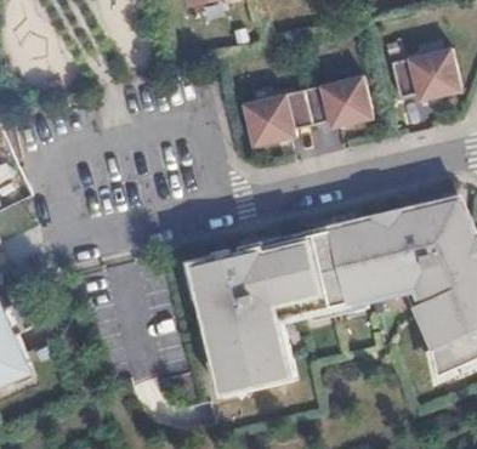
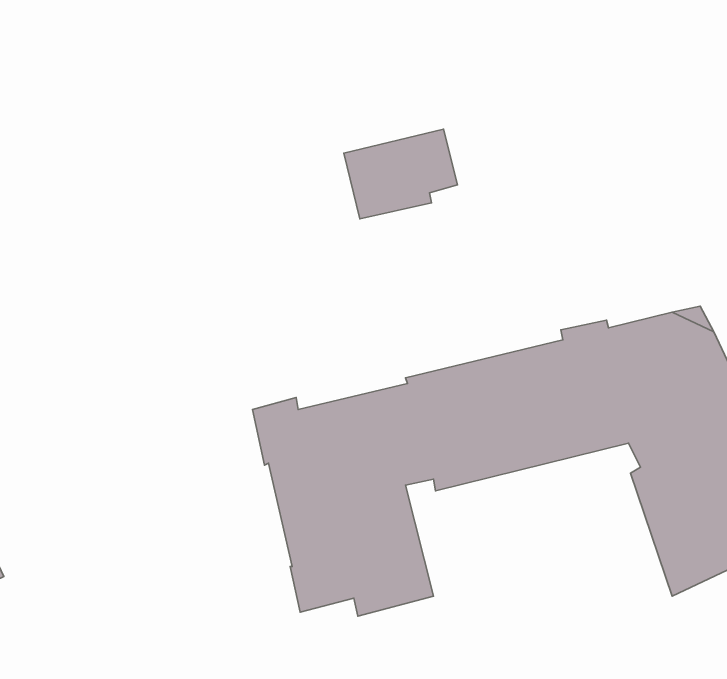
building: [386,49,456,100] -> none
building: [299,76,368,127] -> none

